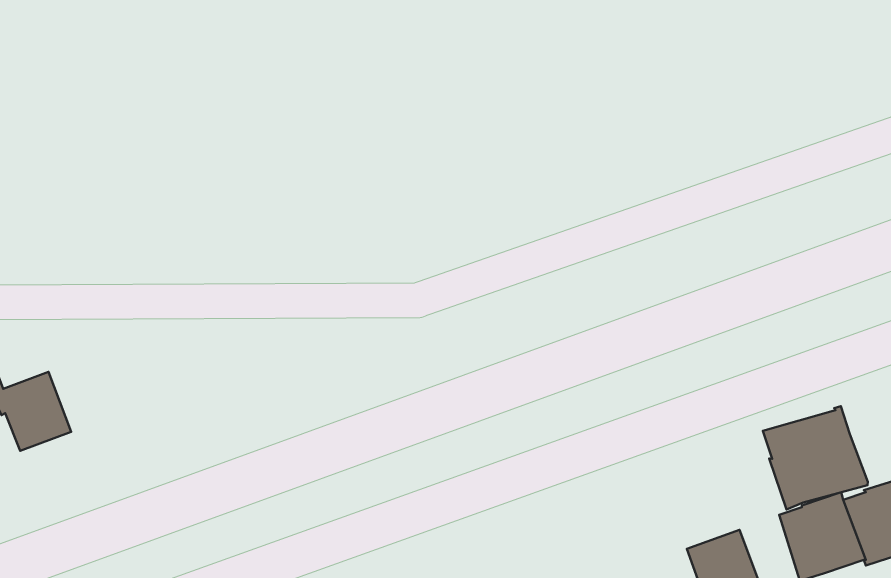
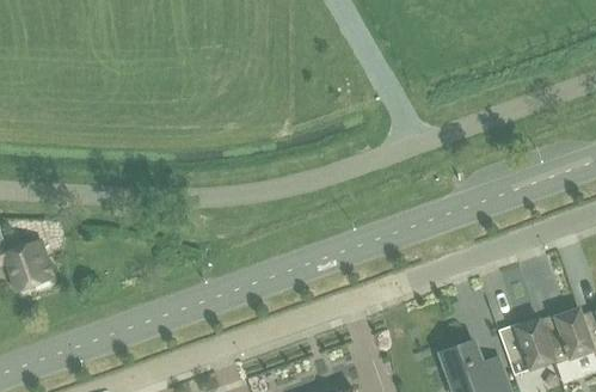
building: [763,406,868,509] -> none

